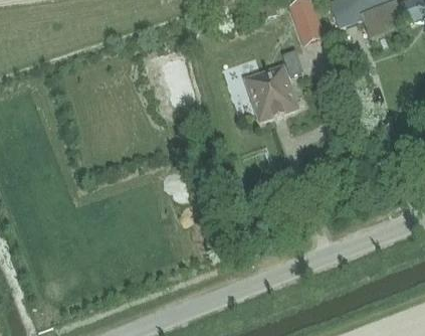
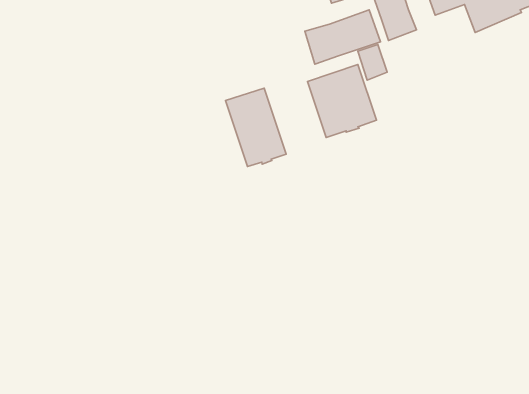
building: none -> [305,10,380,64]
building: none -> [226,88,286,166]

